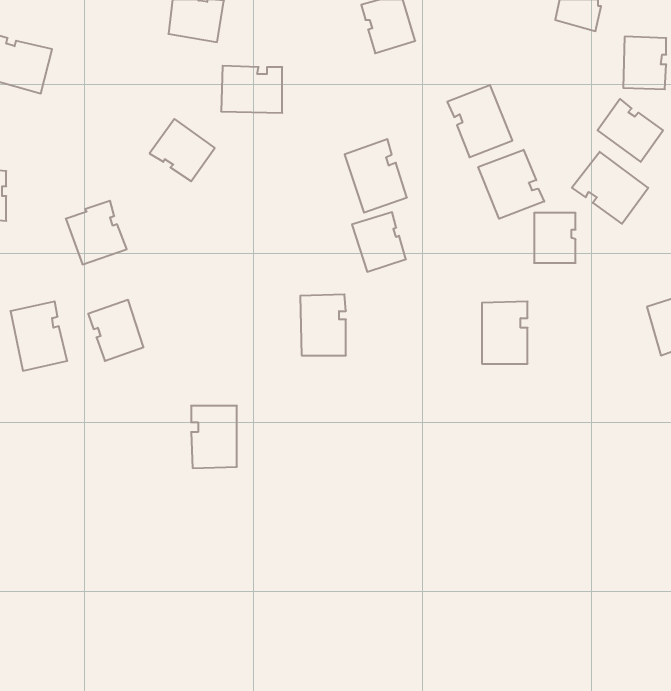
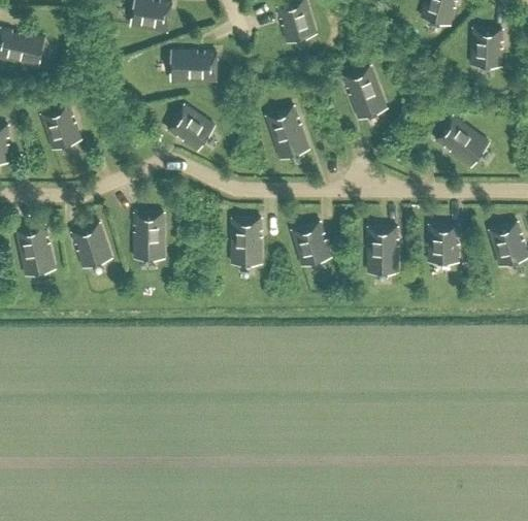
building: [598,99,663,162] -> none
building: [150,119,215,181] -> [168,105,217,152]
building: [478,150,544,219] -> none
building: [66,201,127,264] -> [39,104,85,152]
building: [352,212,406,272] -> [291,221,331,265]
building: [534,213,576,263] -> [428,224,459,261]
building: [191,406,237,468] -> [134,214,168,260]

